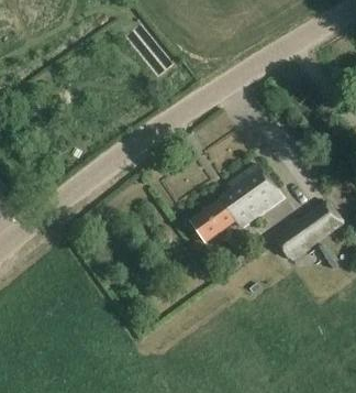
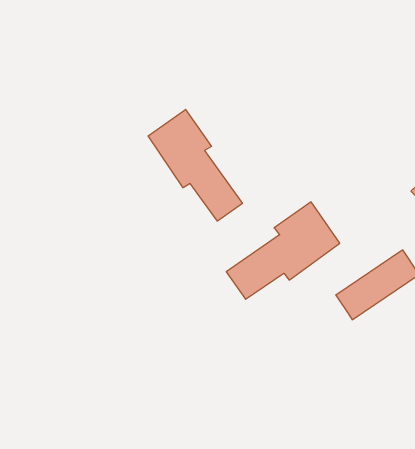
building: none -> [148,109,242,221]

